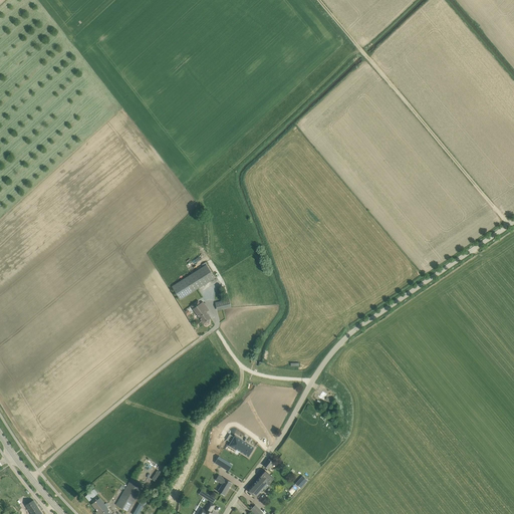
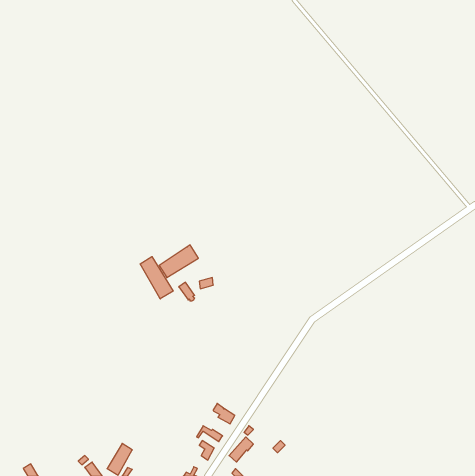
building: none -> [140,257,173,299]

